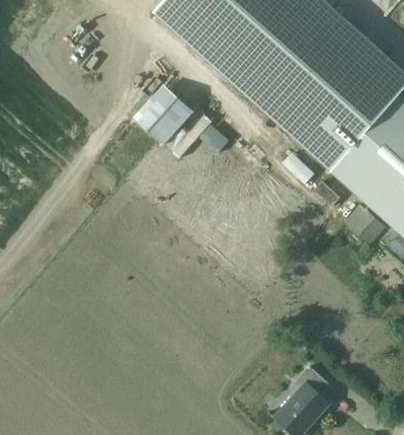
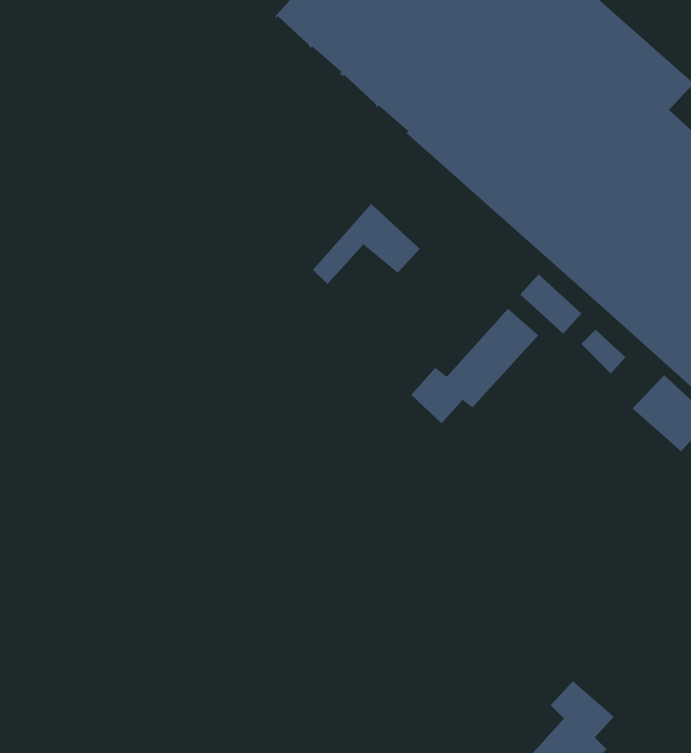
building: [134,81,195,143] -> none
building: none -> [411,308,539,424]

